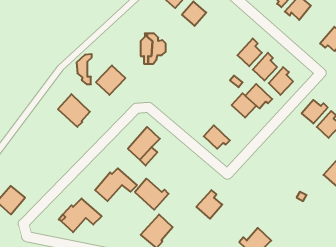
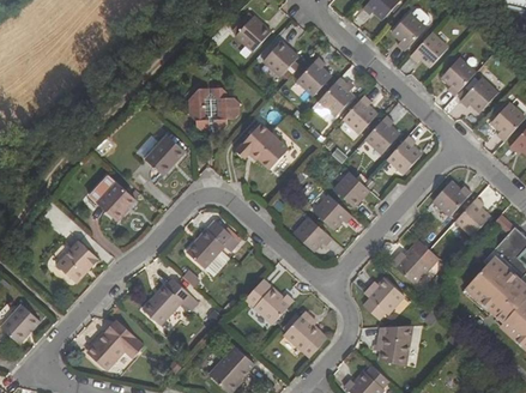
building: none -> [297,58,331,95]
building: none -> [442,58,474,95]
building: none -> [319,77,352,115]
building: [77,54,92,84] -> [189,86,211,129]
building: none -> [236,122,288,168]
building: [245,84,272,108] -> [314,194,352,229]
building: none -> [56,240,96,279]
building: none -> [392,241,439,283]
building: none -> [363,278,404,318]
building: [135,179,169,210] -> [246,278,294,322]
building: none -> [376,324,412,364]

